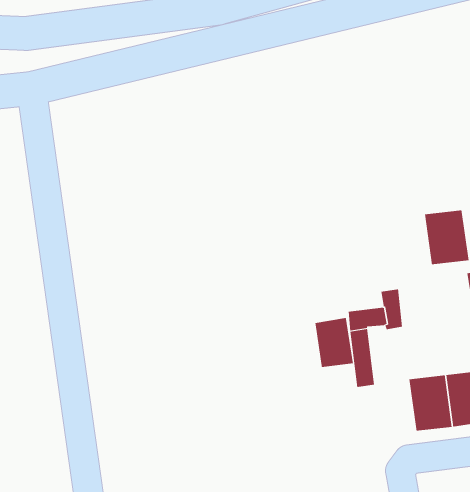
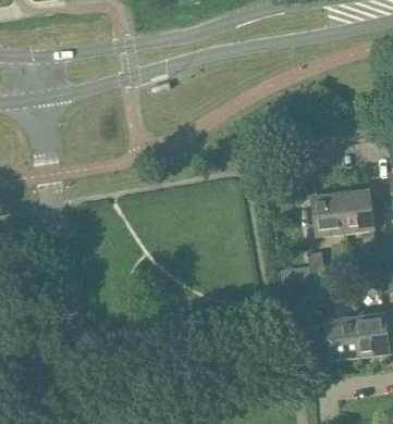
building: none -> [314,194,346,237]
building: [315,317,353,368] -> none

